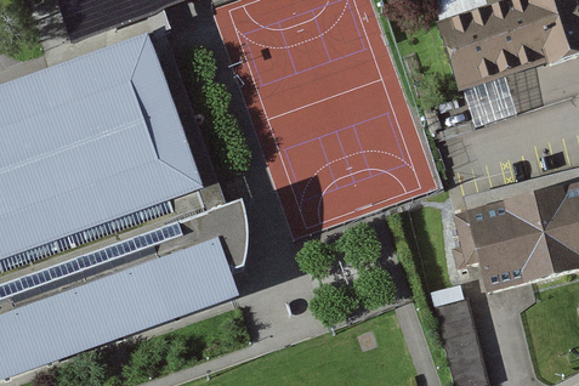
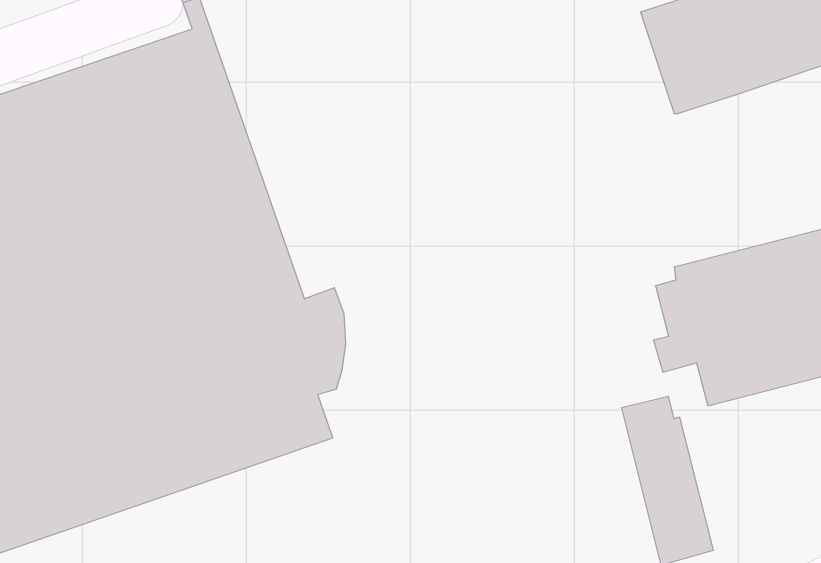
building: [464,80,515,124] -> none

